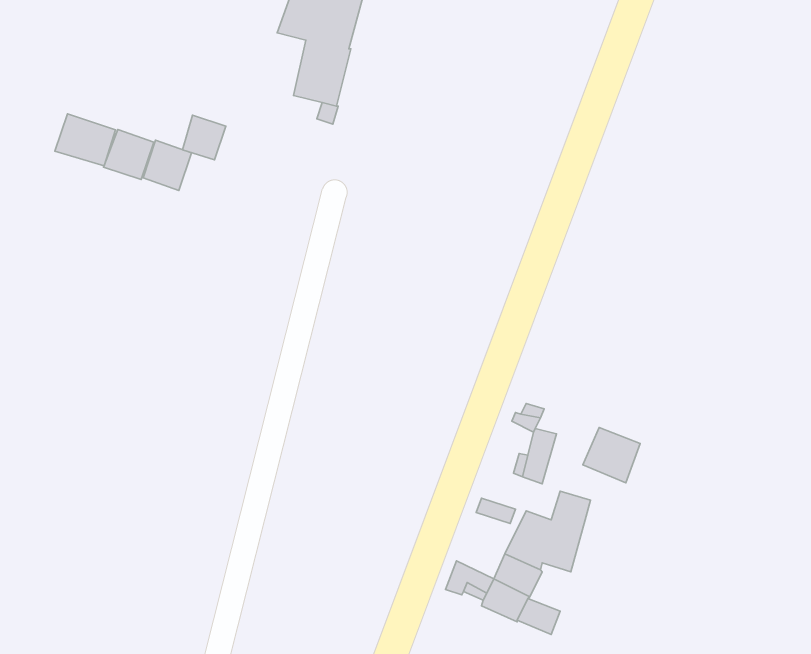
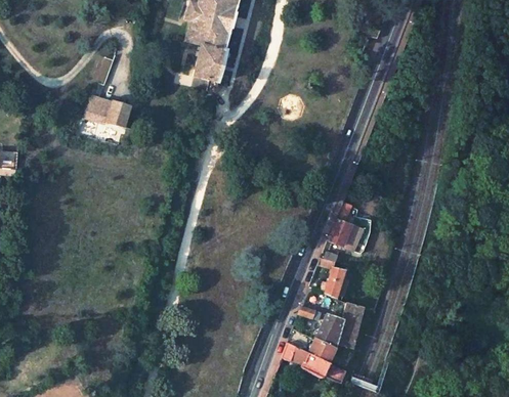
building: [55,114,115,166] -> none
building: [182,115,226,160] -> none
building: [583,427,640,483] -> [329,218,362,250]

